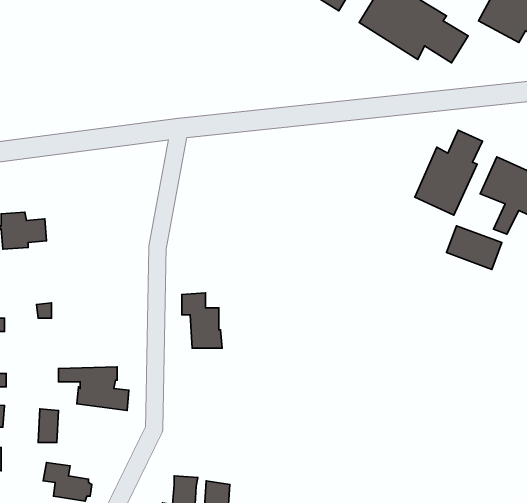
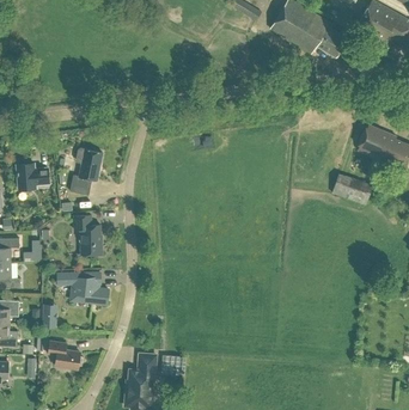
building: [415,130,482,215] -> none
building: none -> [68,148,100,196]
building: [182,293,222,348] -> [73,215,102,255]

